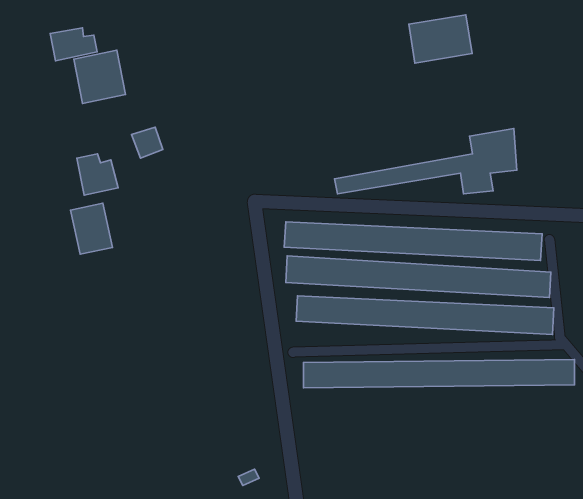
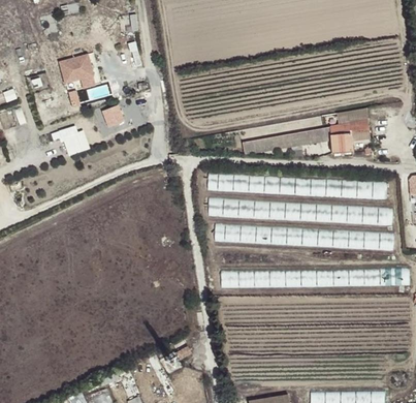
building: [409,15,472,63] -> none
building: [50,28,97,61] -> none
building: [71,203,112,254] -> none

